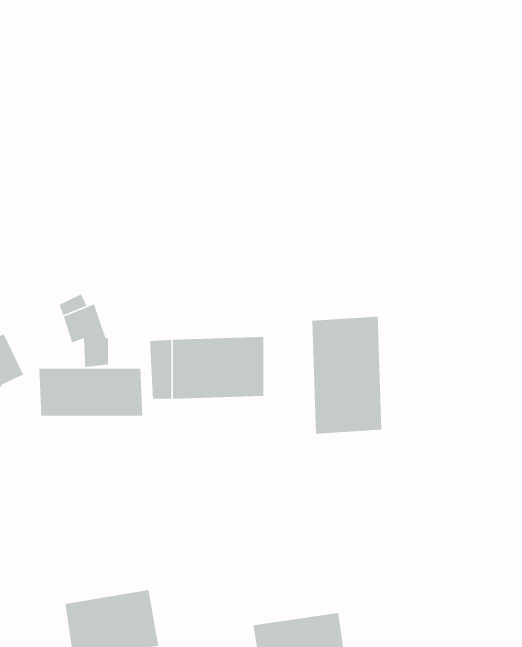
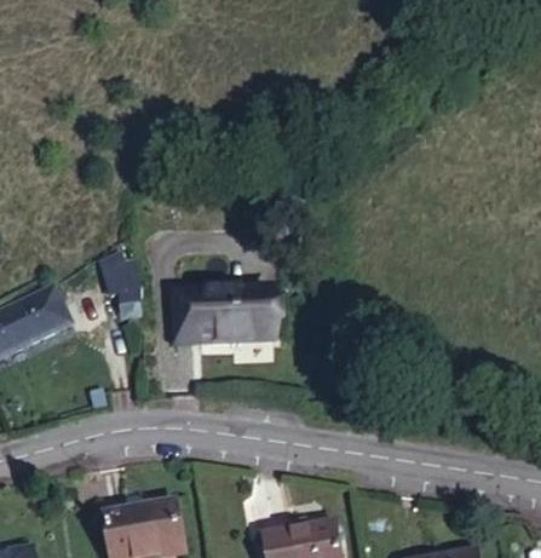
building: [311,316,382,435] -> none
building: [38,368,143,417] -> none

